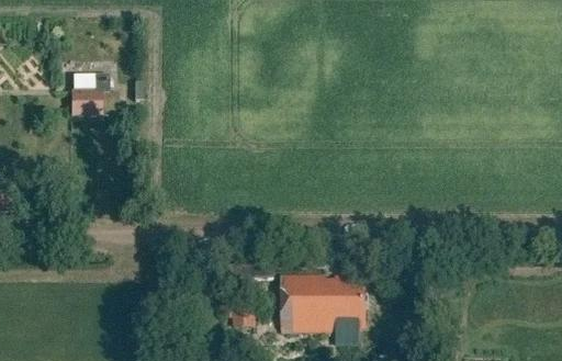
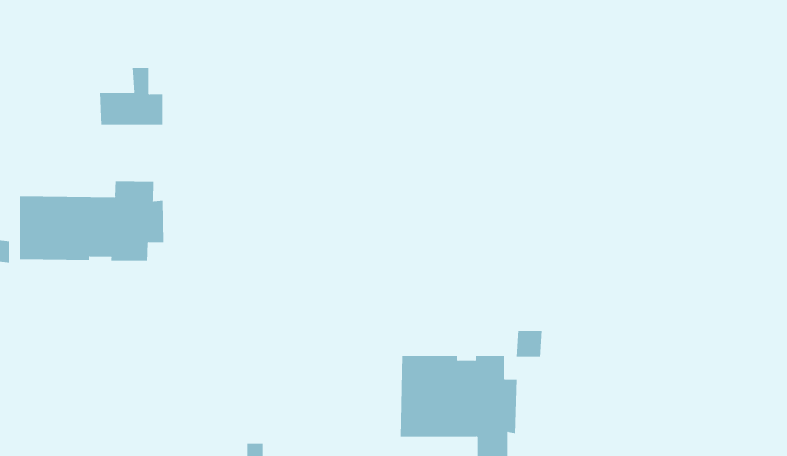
building: none -> [19,181,164,262]

